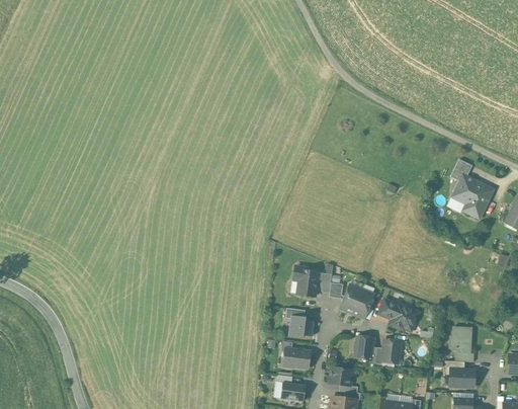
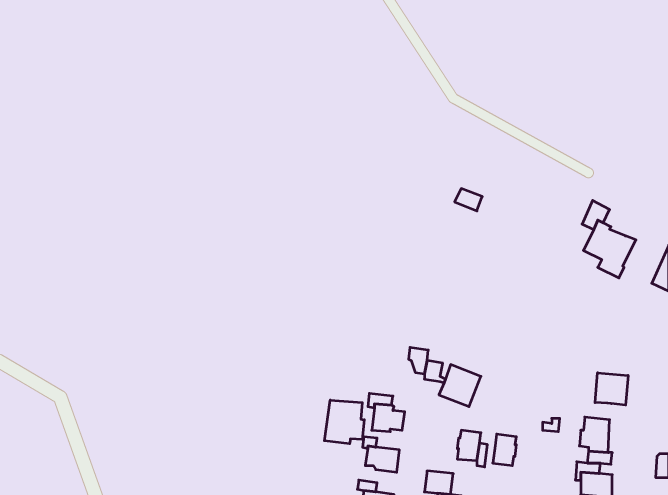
building: [293,267,318,297] -> none
building: none -> [595,373,628,405]
building: [378,300,417,329] -> none
building: none -> [324,400,364,444]

